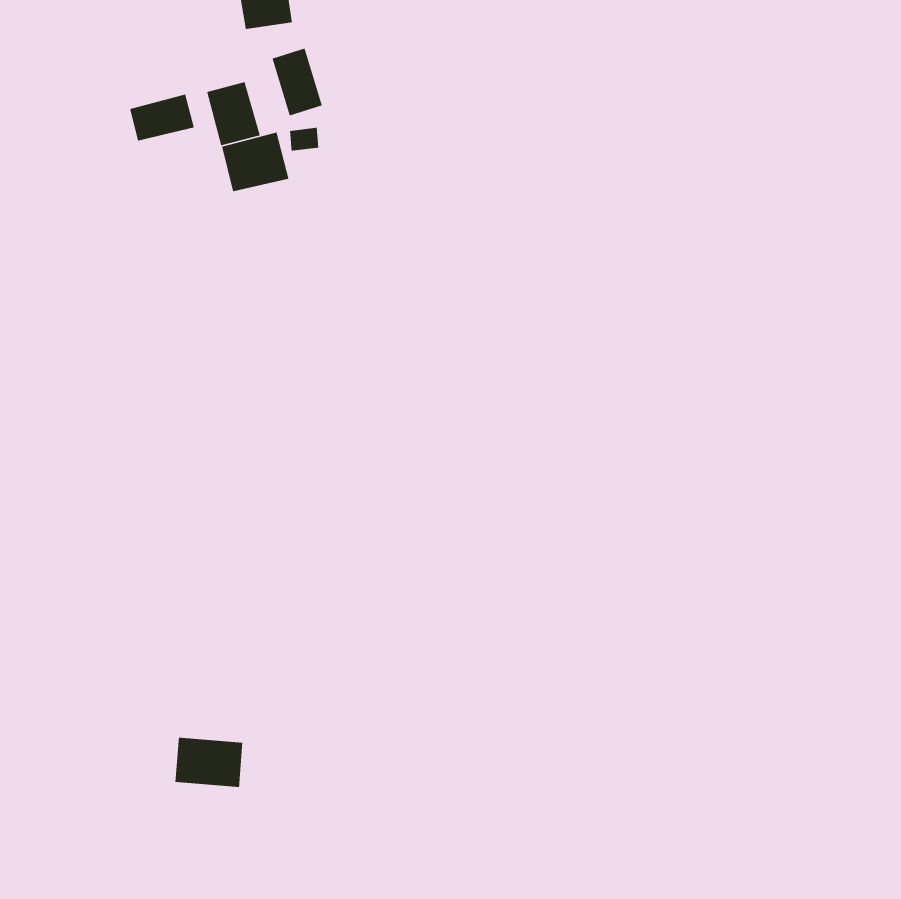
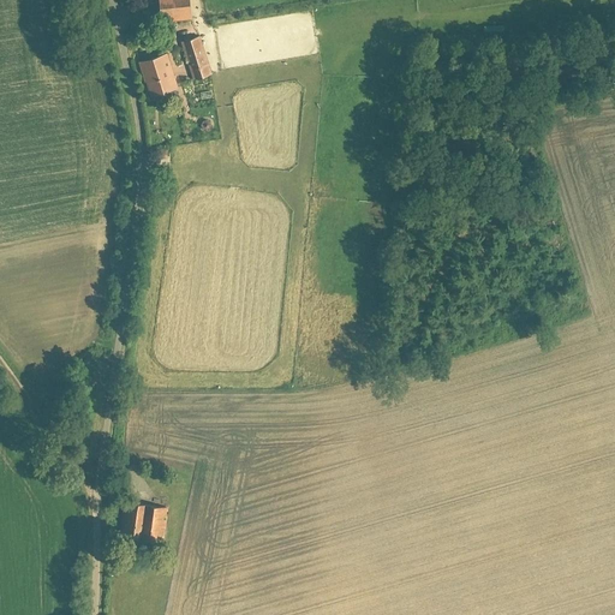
building: [129,94,195,141] -> none
building: [221,131,290,192] -> none

